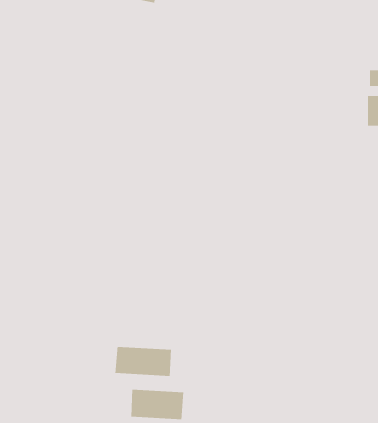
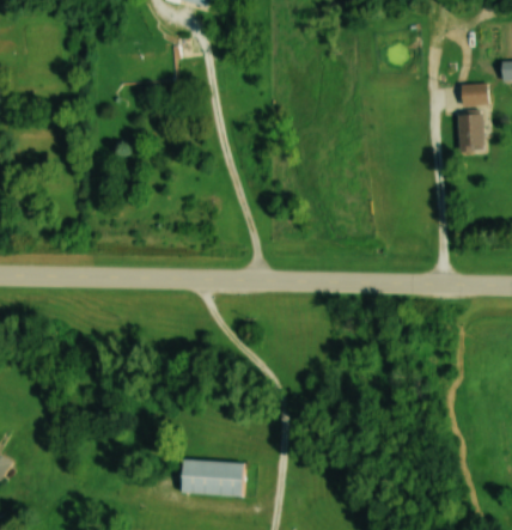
building: [114,346,172,377] -> none

